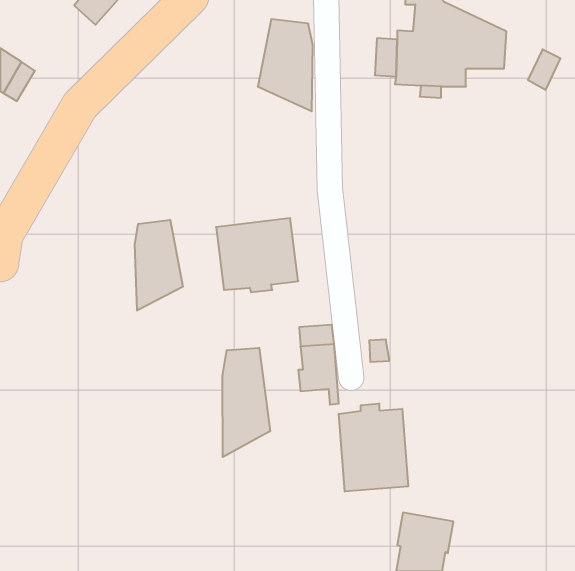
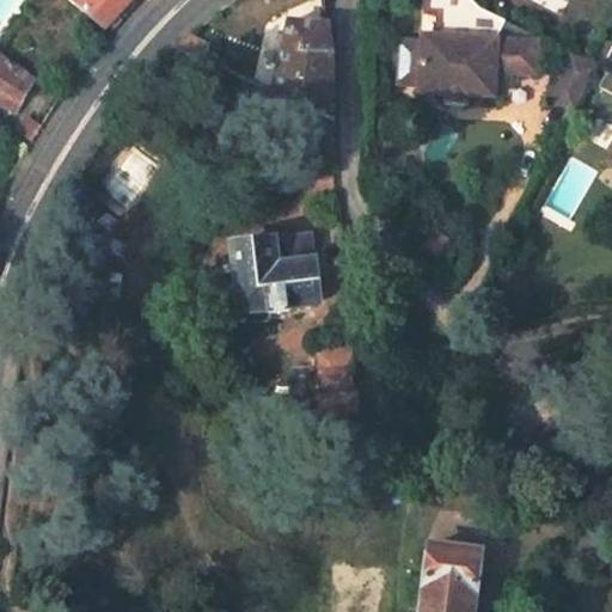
building: [135,220,183,311] -> none
building: [223,348,270,457] -> none
building: [339,403,408,492] -> none

